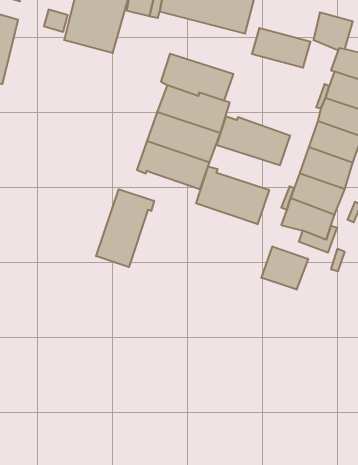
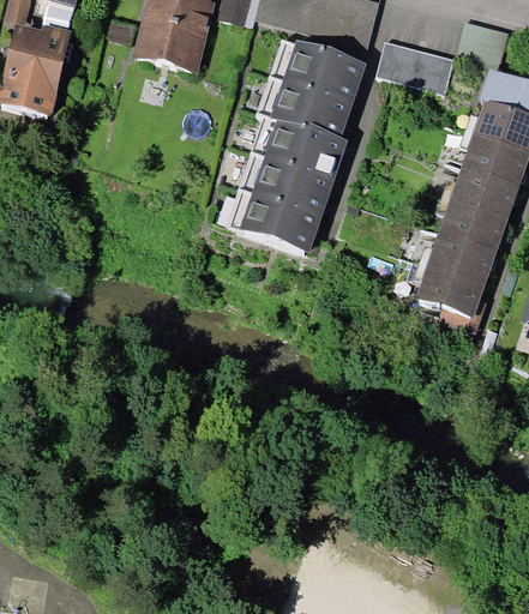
building: [217,116,290,165] -> [270,36,366,100]
building: [196,166,269,224] -> none
building: [96,189,154,267] -> none
building: [261,246,308,290] -> none

